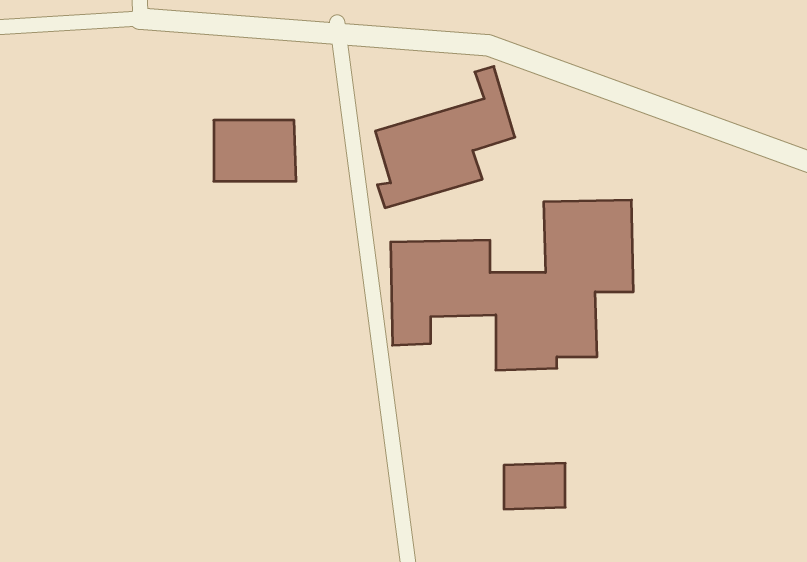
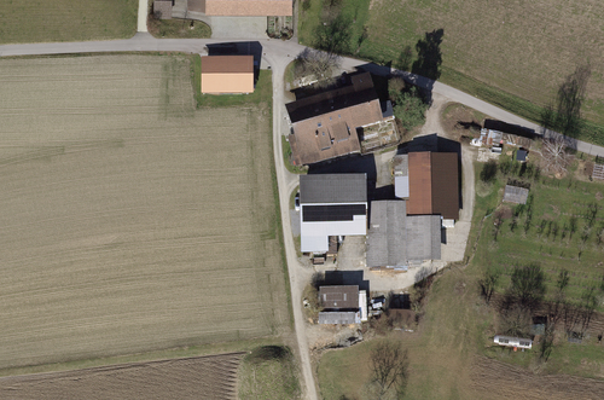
building: [214,120,296,181] -> [203,58,255,97]
building: [504,463,565,509] -> [321,286,360,315]

